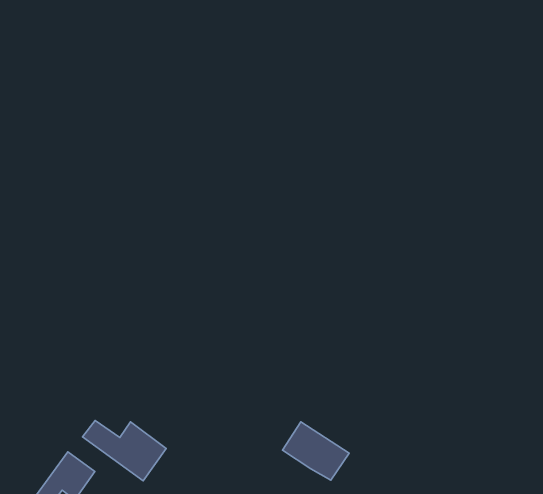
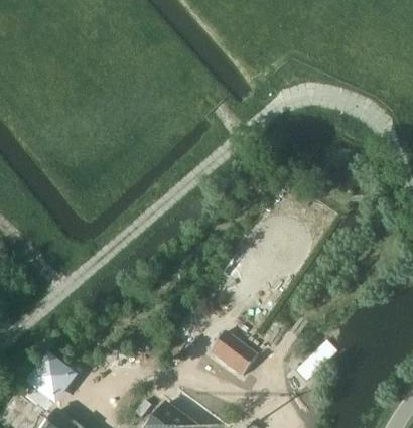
building: [83,421,166,481] -> none

